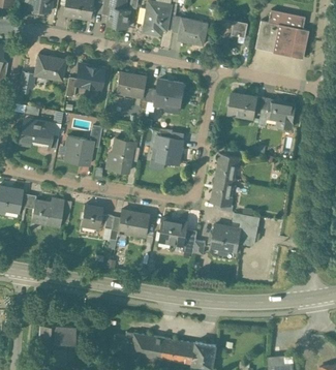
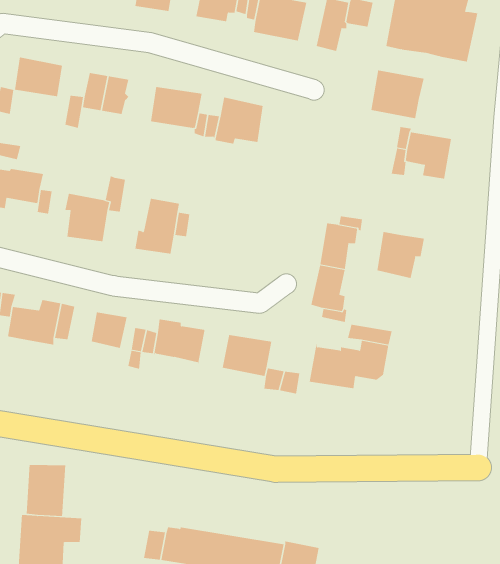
building: [226,92,258,121] -> [371,70,425,119]
building: [154,136,184,166] -> none
building: none -> [377,231,424,279]
building: none -> [26,464,66,517]

